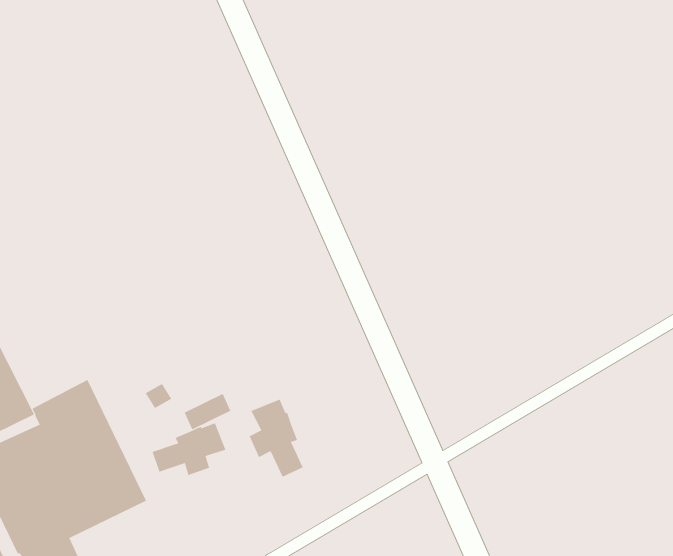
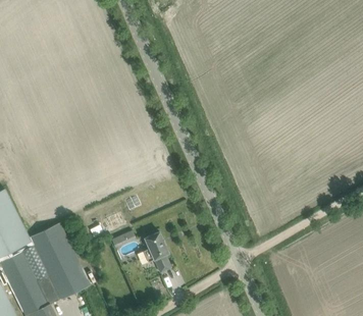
building: [152,423,226,476] -> none

